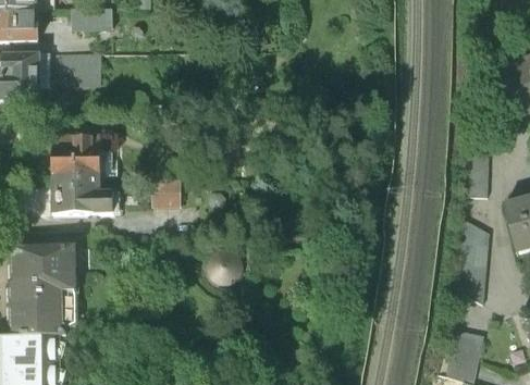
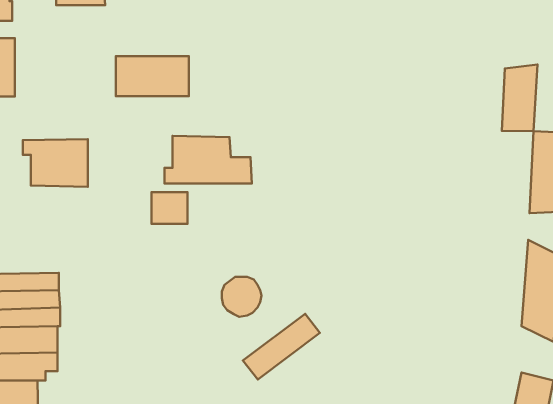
building: [39,53,99,86] -> [116,56,189,96]
building: none -> [502,65,538,131]
building: [46,174,118,213] -> [164,136,252,184]
building: none -> [243,314,320,380]

